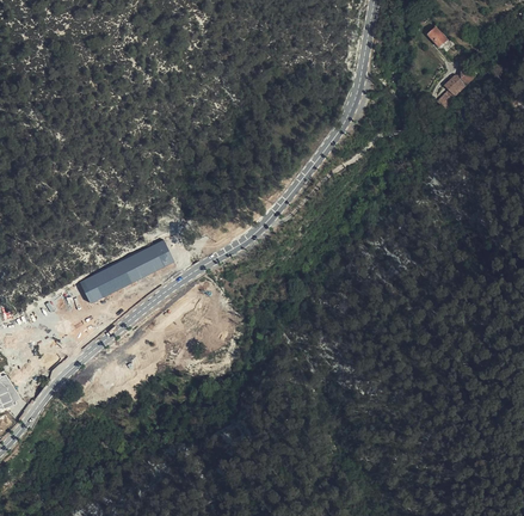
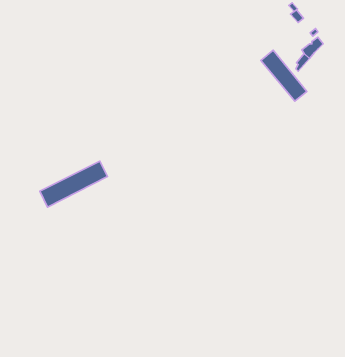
building: none -> [261,50,307,101]

